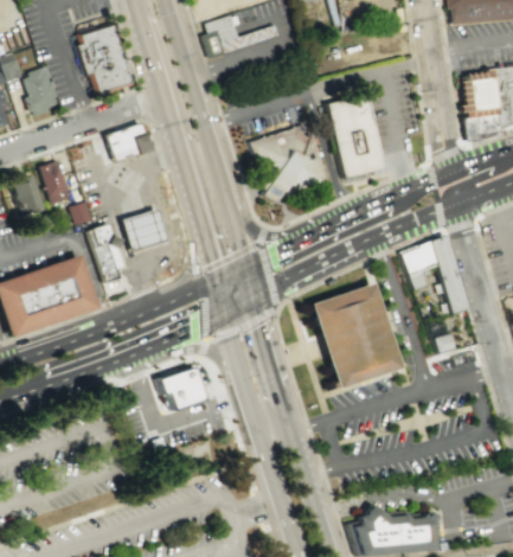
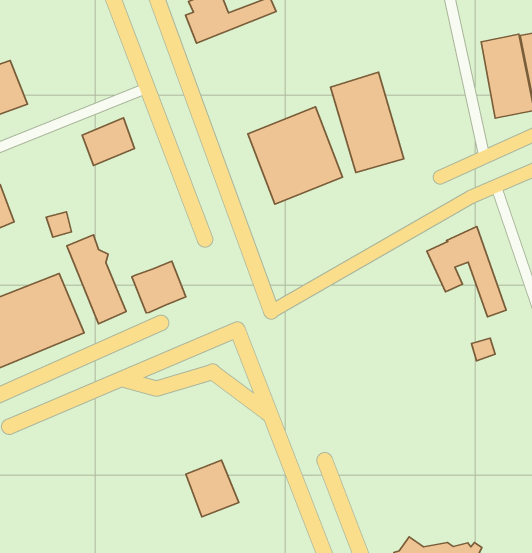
building: [77,26,137,95] -> none
building: [43,160,71,203] -> none
building: [122,207,168,251] -> [132,261,186,313]
building: [312,282,399,388] -> none
building: [160,366,205,415] -> [186,460,239,517]

